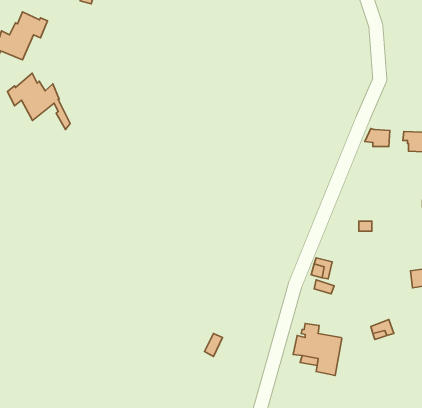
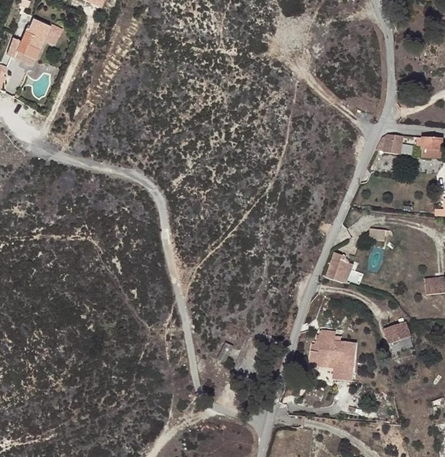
building: [8,73,70,129] -> none

